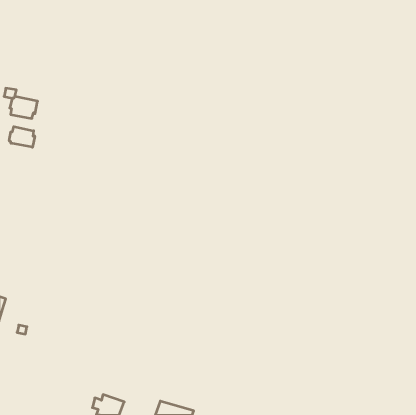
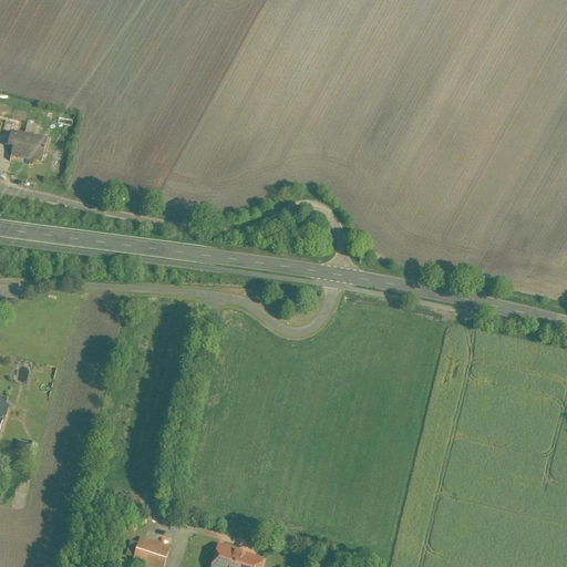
building: [9,127,35,147] -> none

